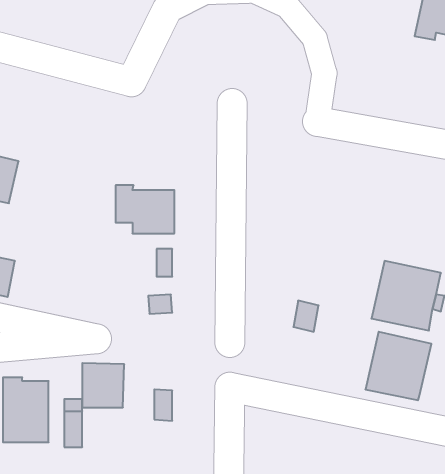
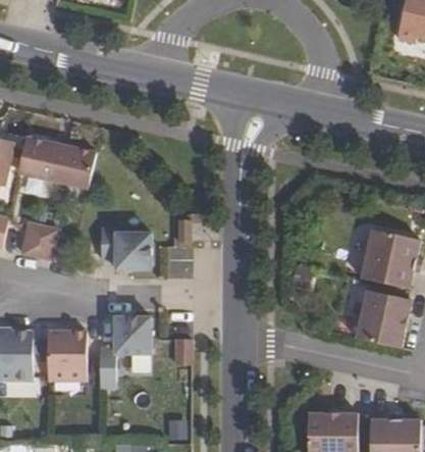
building: none -> [52,144,95,188]
building: [116,185,174,233] -> [100,228,150,268]

